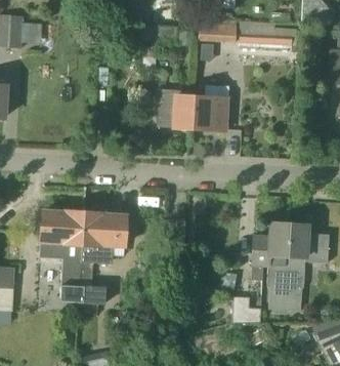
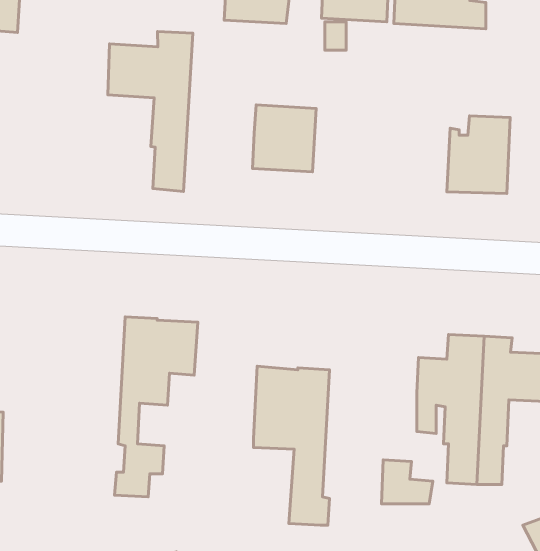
building: none -> [108,32,193,192]
building: [193,84,229,129] -> [447,116,510,194]
building: [40,210,84,302] -> [253,366,329,525]

